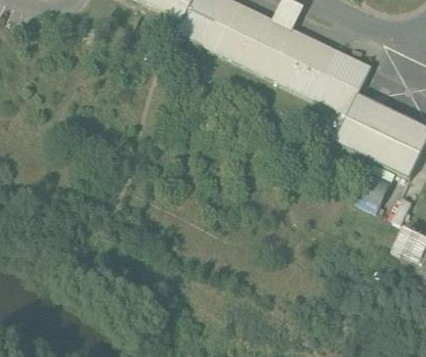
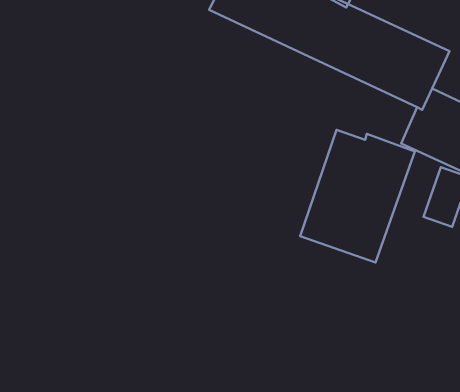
building: none -> [300,130,415,263]

